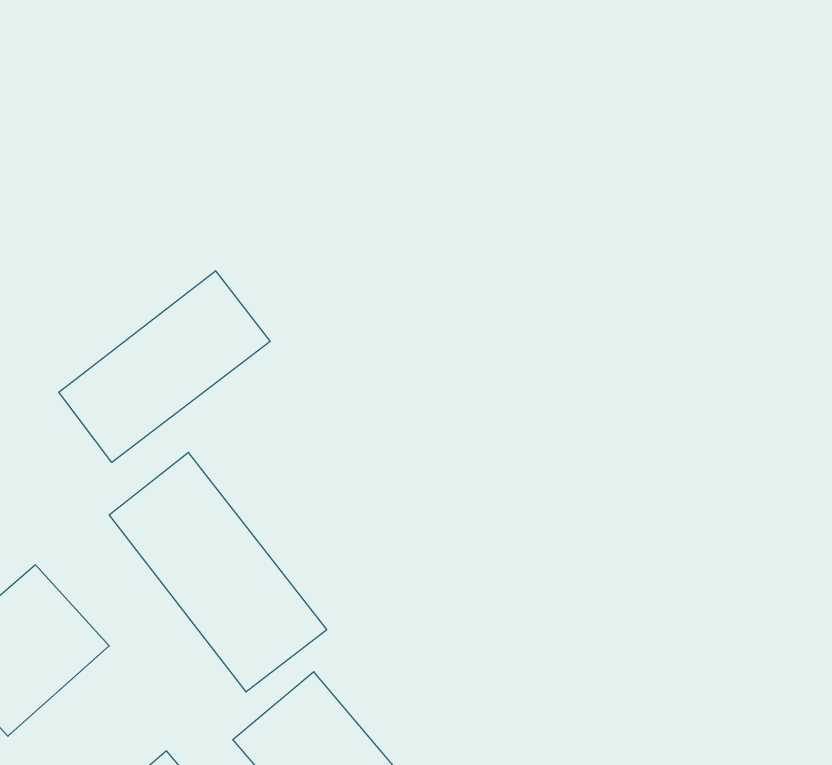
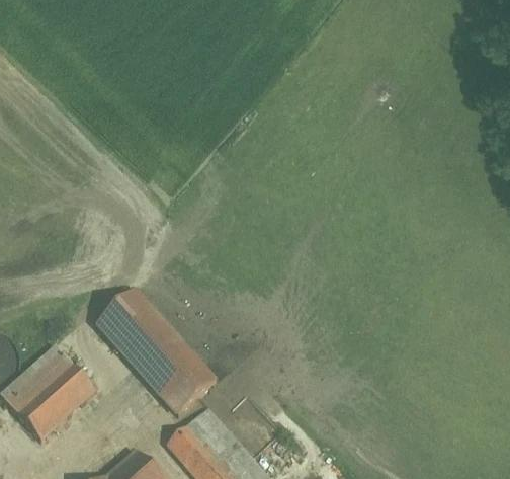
building: [59,271,270,462] -> none

